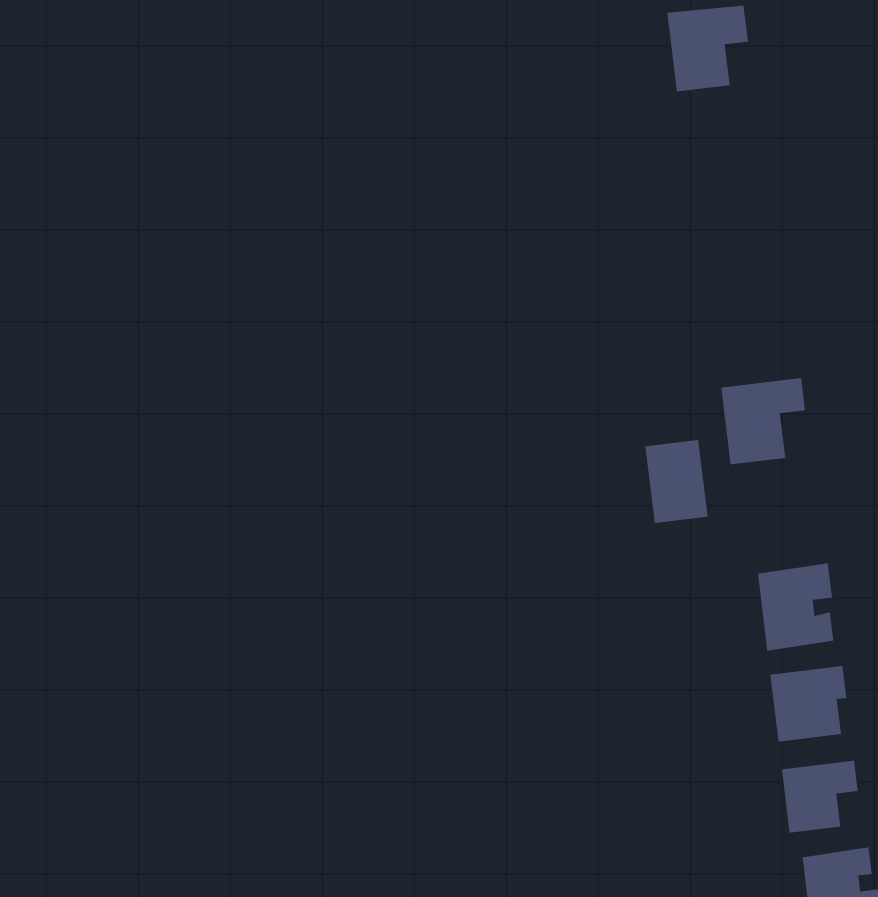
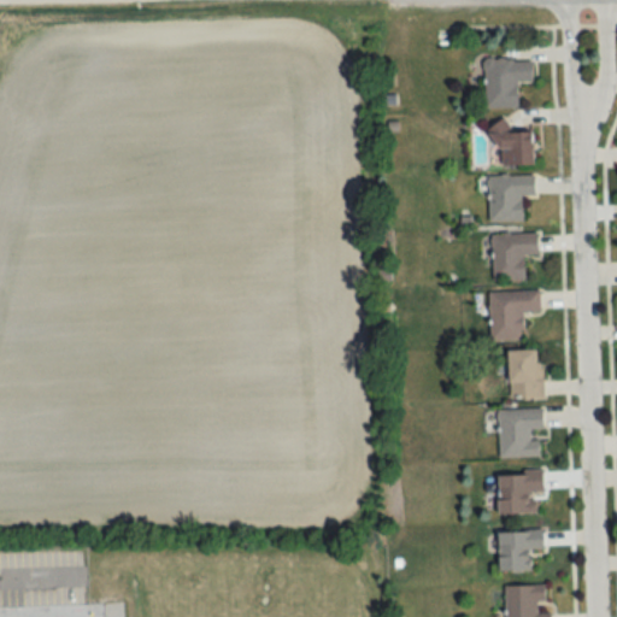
building: none -> [494,123,534,165]
building: none -> [489,175,535,221]
building: none -> [492,233,539,281]
building: [645,439,708,524] -> [509,349,542,398]

